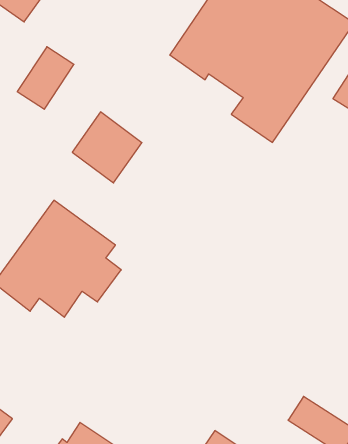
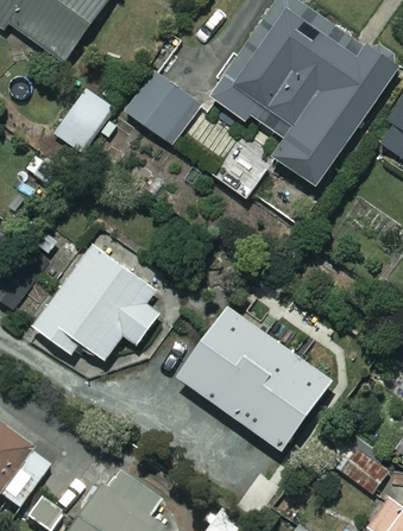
building: [72,112,142,183] -> [126,70,196,141]
building: none -> [178,305,332,449]

